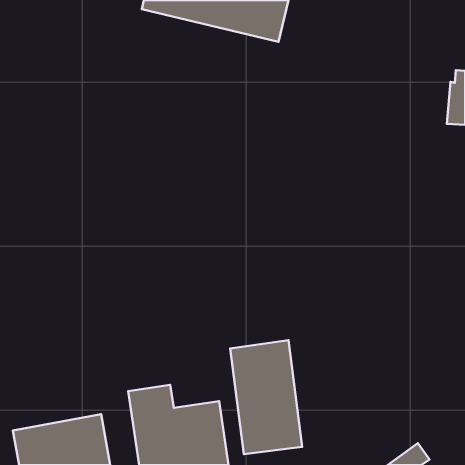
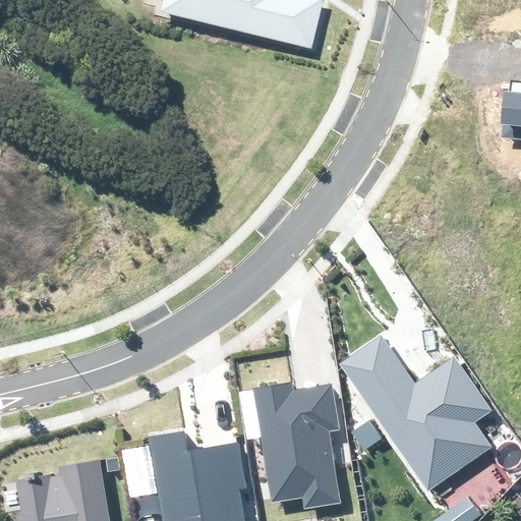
building: none -> [338,334,491,490]

